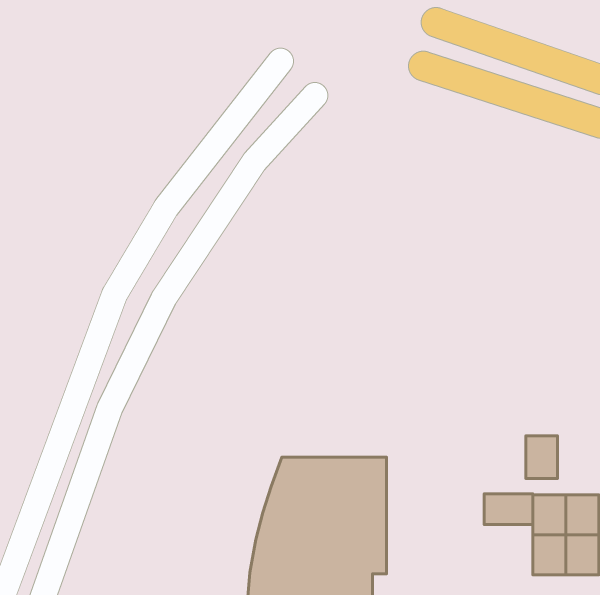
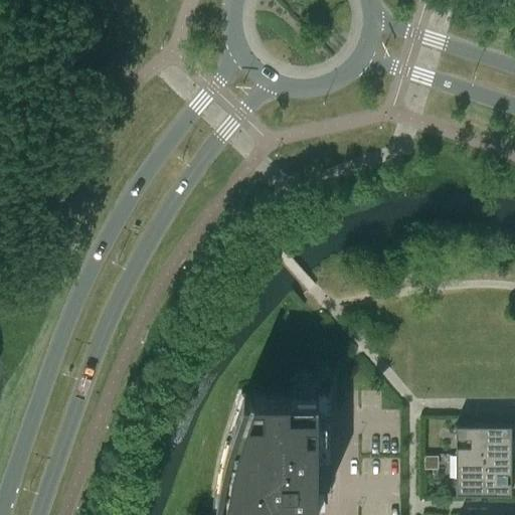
building: [526,436,557,479] -> none
building: [484,494,533,525] -> none

